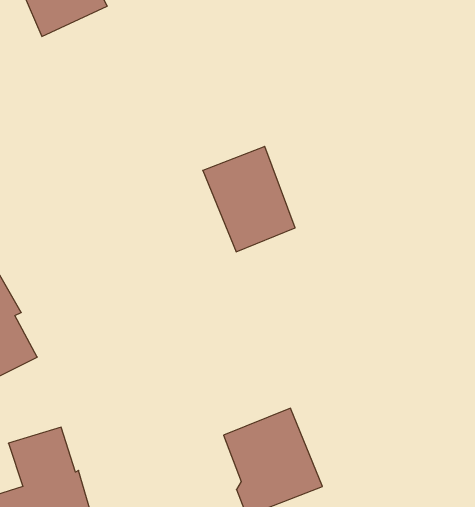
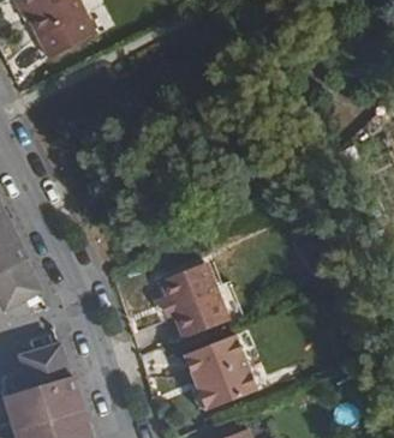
building: [203,146,295,252] -> [159,257,228,336]

